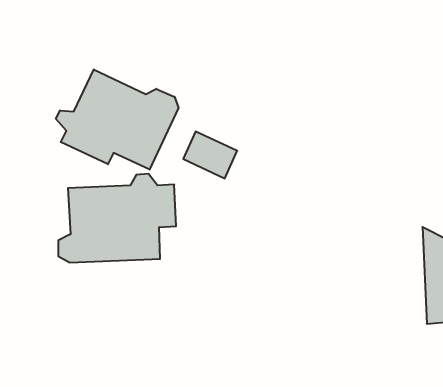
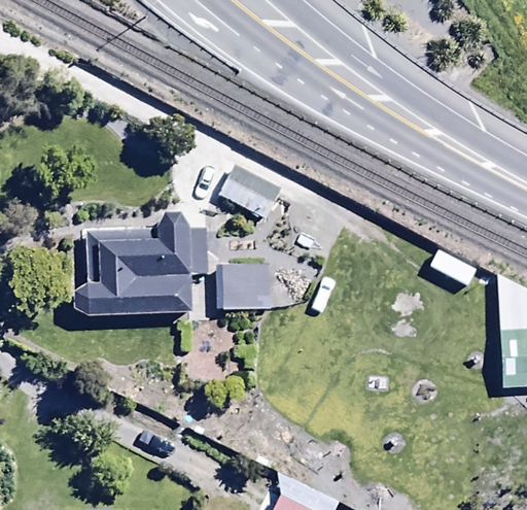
building: [56,69,178,170] -> none
building: none -> [222,263,269,307]

